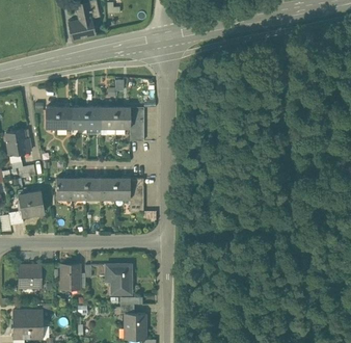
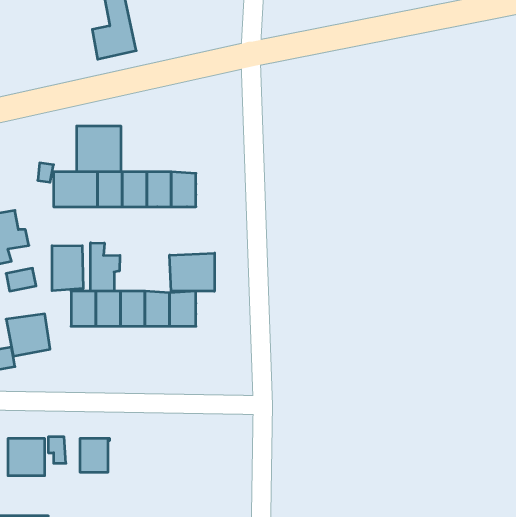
building: none -> [77,126,121,172]
building: none -> [91,243,120,291]
building: none -> [52,246,83,291]
building: none -> [170,253,215,291]
building: [106,265,131,293] -> none

